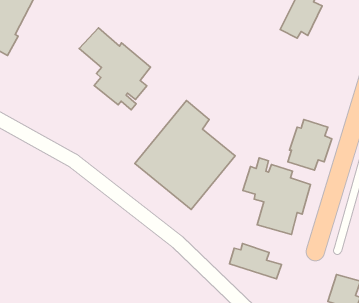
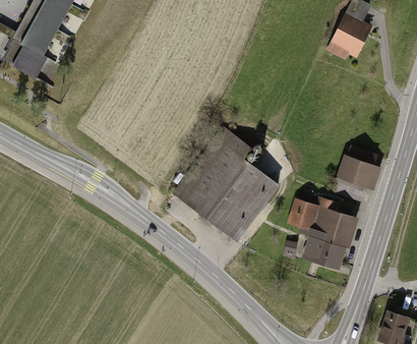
building: [79,28,151,110] -> none
building: [229,244,282,279] -> none

